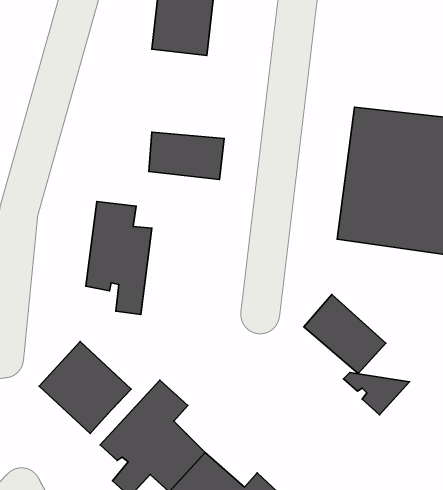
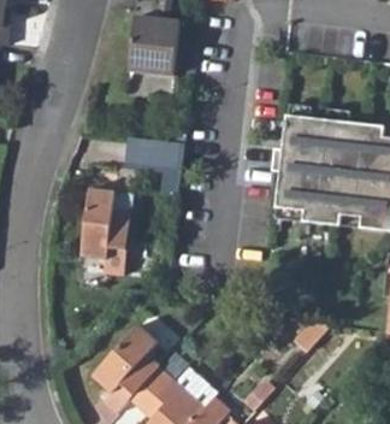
building: [304,294,386,374] -> none
building: [39,342,131,433] -> none

